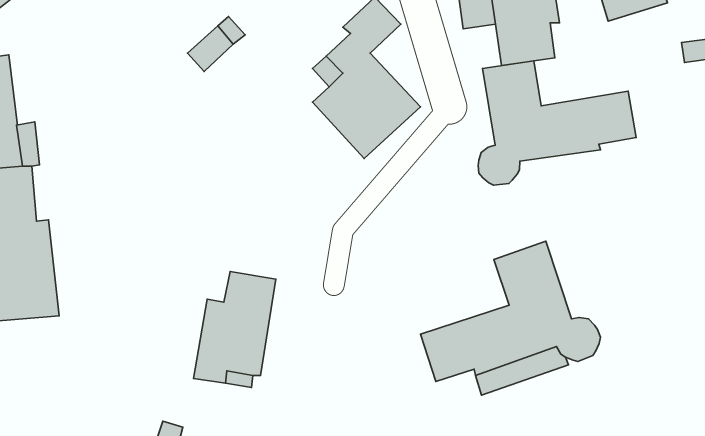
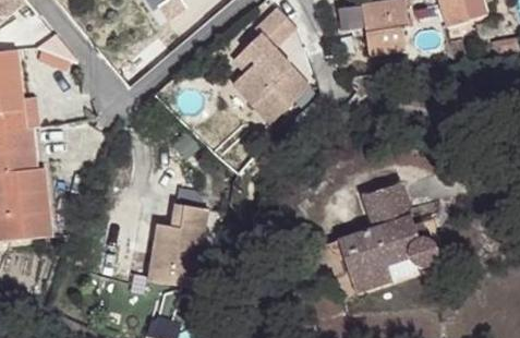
building: [478,61,636,185] -> none

